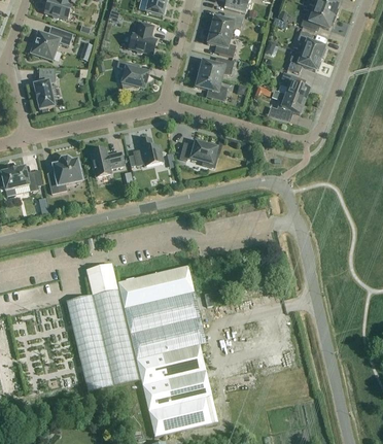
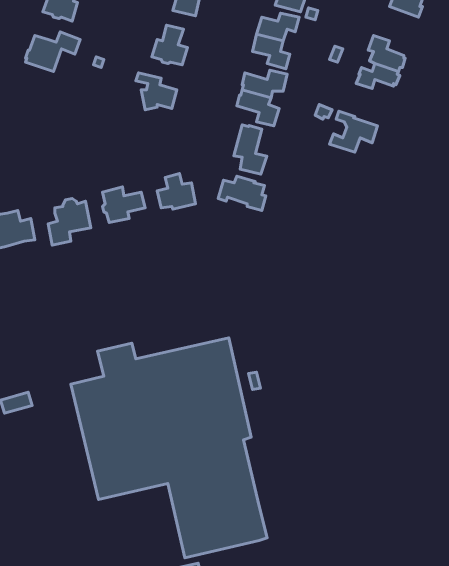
building: [301,7,336,29] -> none
building: [281,71,309,100] -> none
building: [34,73,56,110] -> none
building: none -> [234,125,267,174]

